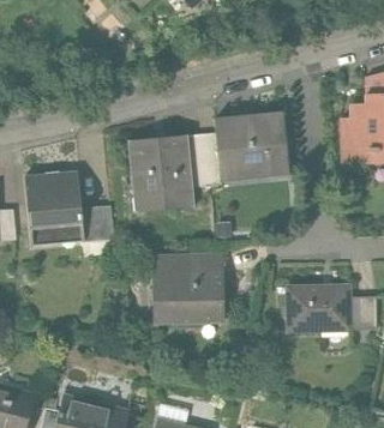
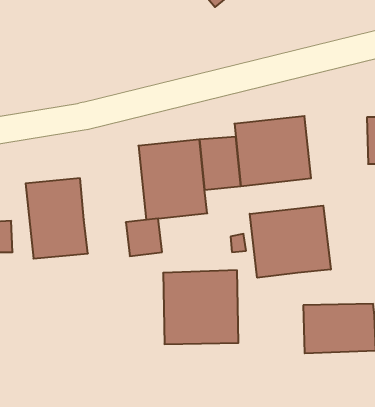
building: none -> [250,206,331,278]
building: [79,206,113,241] -> [126,218,162,256]

